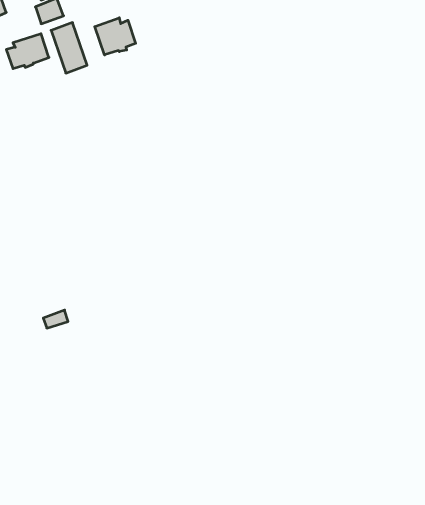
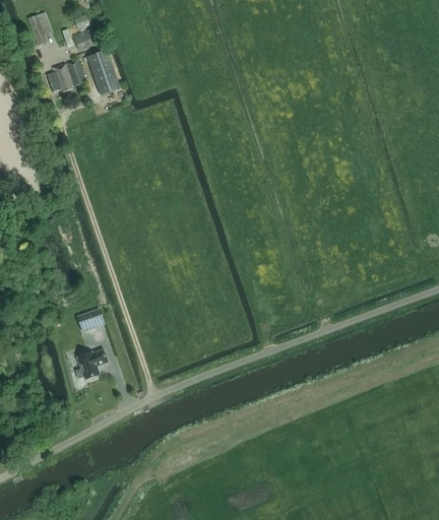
building: [95,18,136,55] -> none
building: none -> [75,349,107,379]

